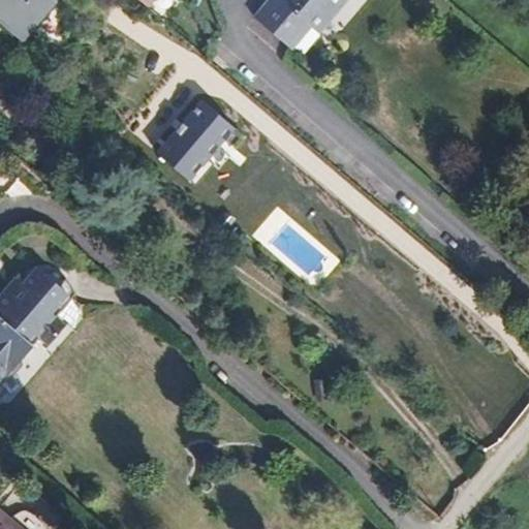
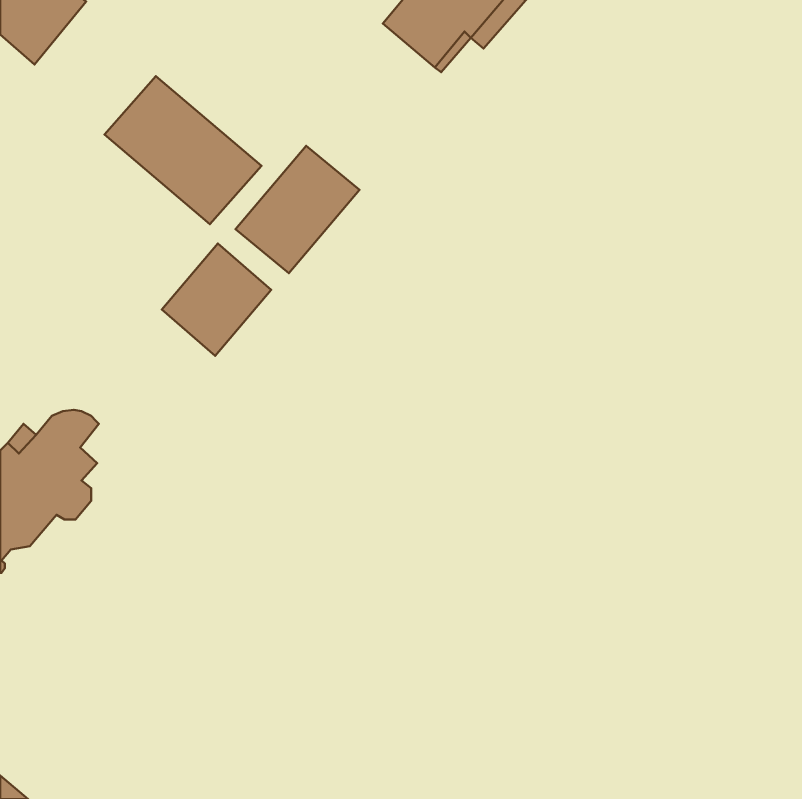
building: none -> [104,76,261,224]
building: none -> [162,243,271,356]

